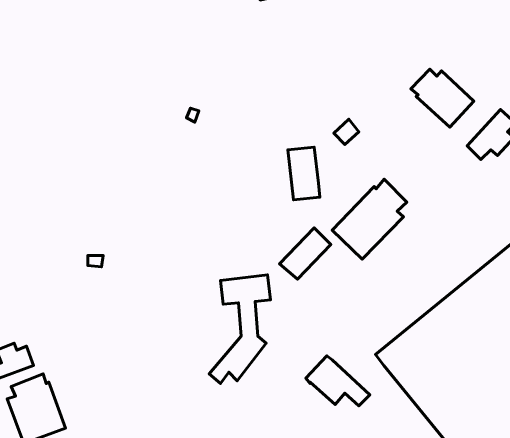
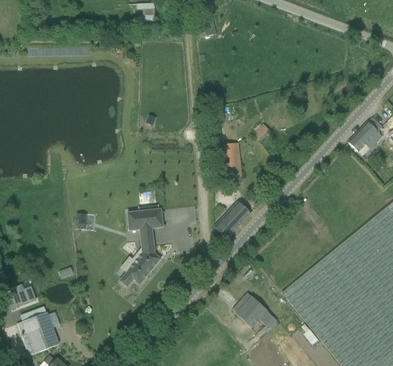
building: [411,69,474,127] -> none
building: [332,179,407,259] -> none
building: [209,275,270,383] -> [119,209,163,287]

